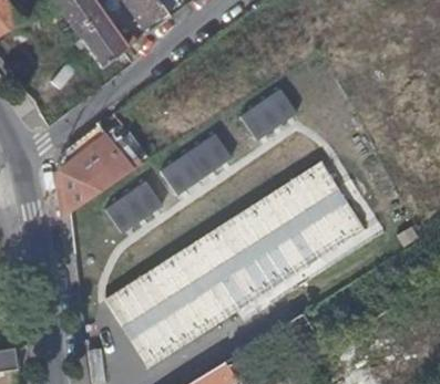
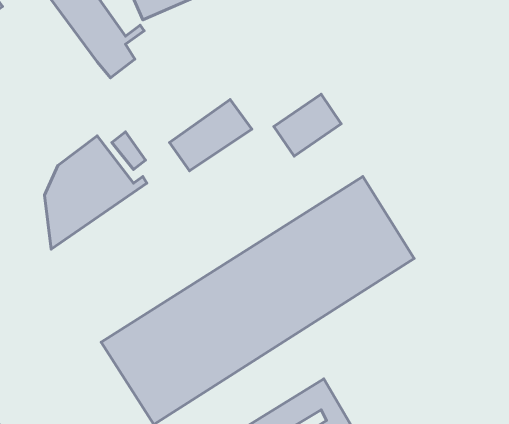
building: [167,138,235,197] -> [169,99,252,171]
building: [109,184,164,235] -> none

